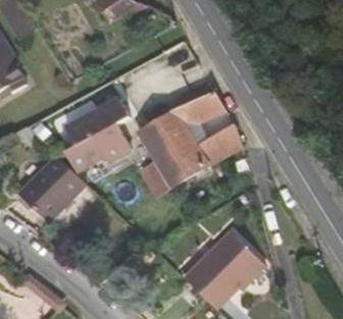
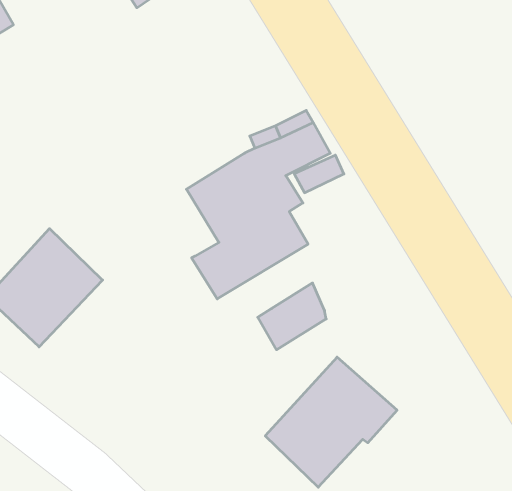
building: [65,97,132,171] -> none
building: [199,123,240,163] -> [258,283,326,350]

